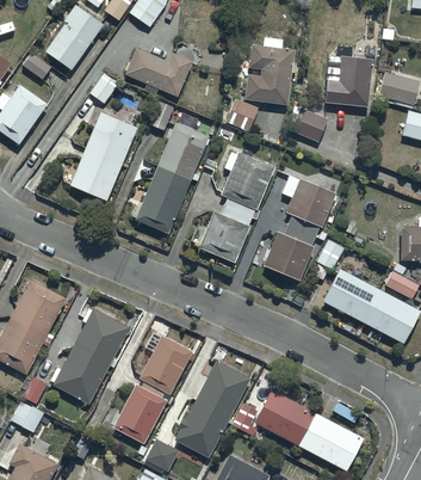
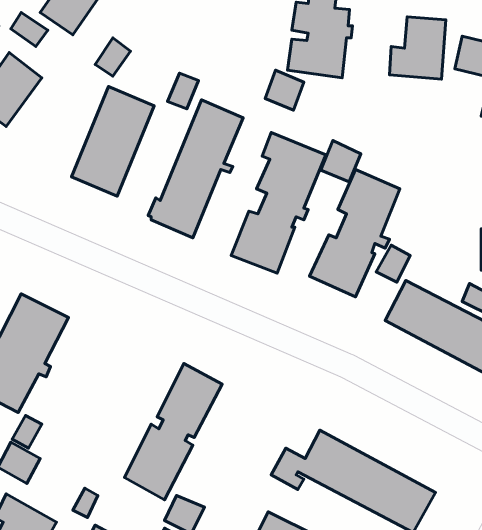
building: [125,49,192,96] -> none
building: [296,110,328,143] -> [321,141,361,182]
building: [50,308,130,404] -> none
building: [175,361,250,462] -> none

